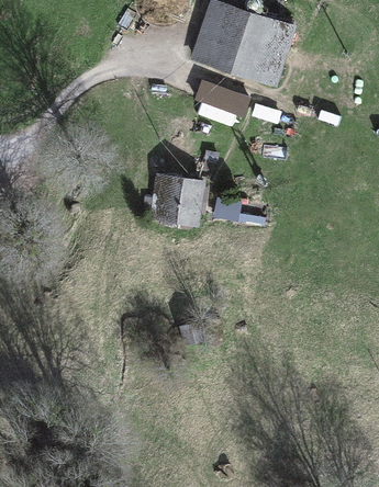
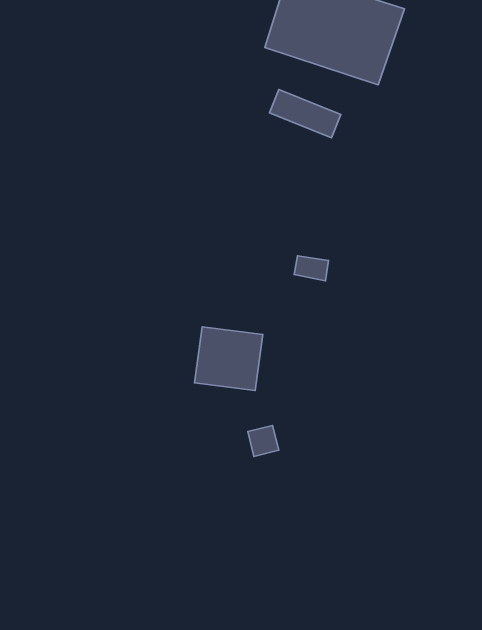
building: [152,177,200,222] -> [194,327,263,391]

